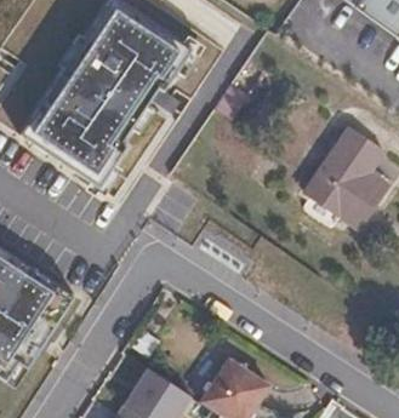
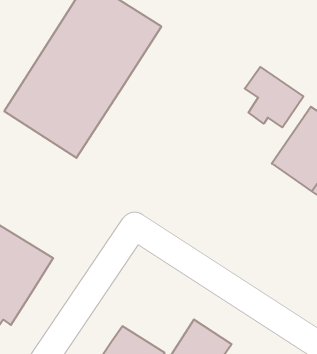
building: none -> [245,67,303,127]

